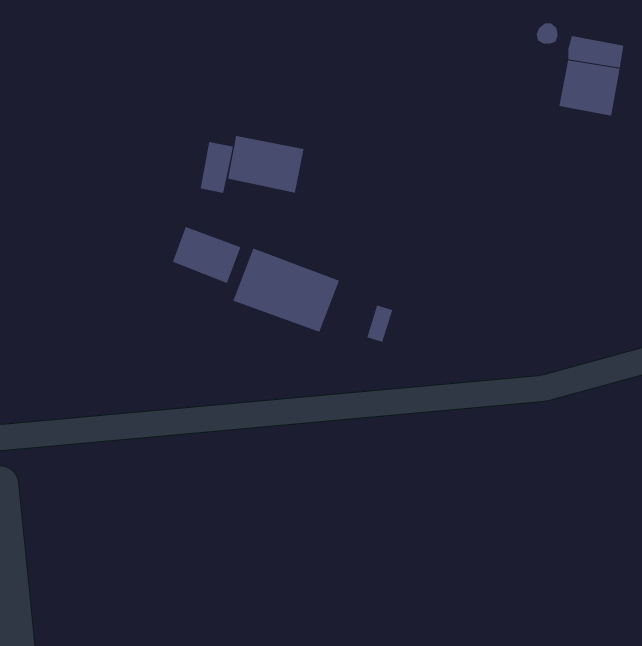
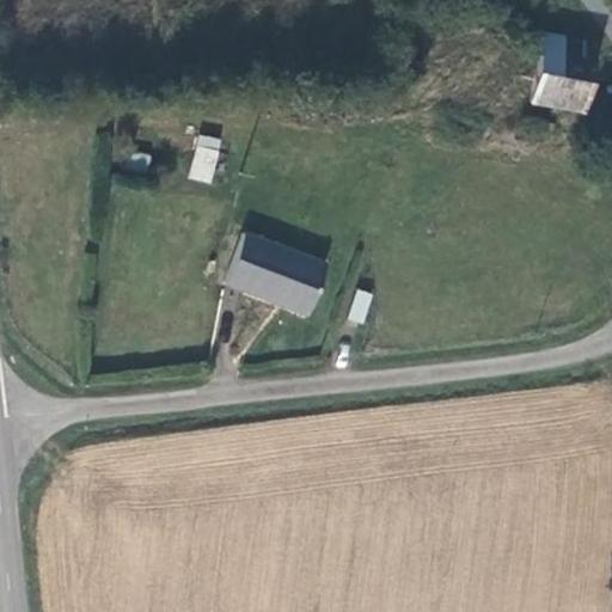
building: [228,135,304,193] -> none
building: [172,226,241,284] -> none

